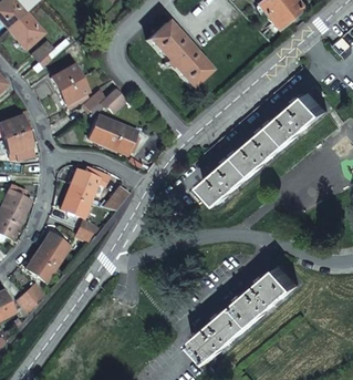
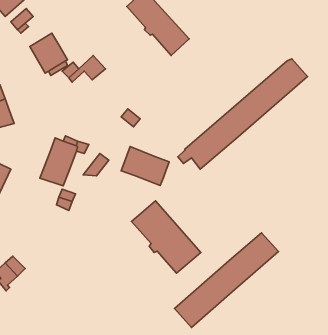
building: [89,114,136,153] -> [121,146,169,185]
building: none -> [131,201,201,273]
building: [27,232,70,279] -> none

